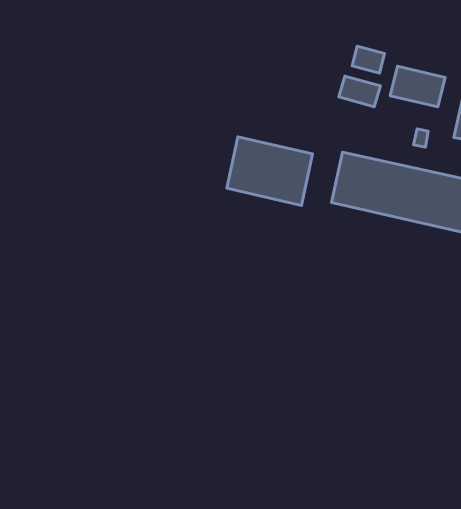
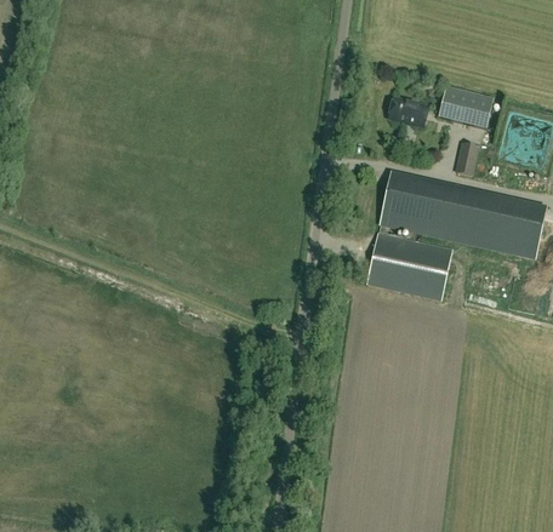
building: [352,46,385,73] -> none
building: [227,137,313,205] -> [366,233,451,301]

